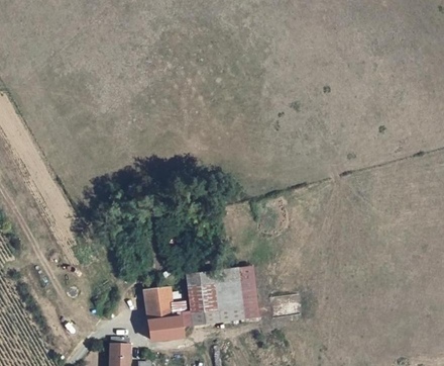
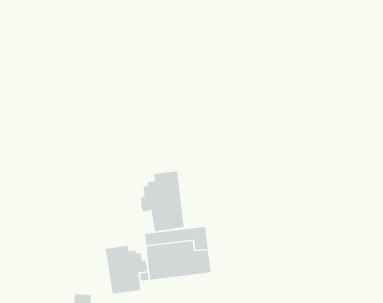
building: none -> [140,170,185,232]

